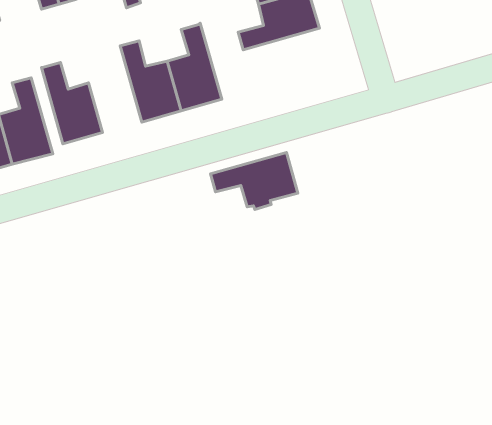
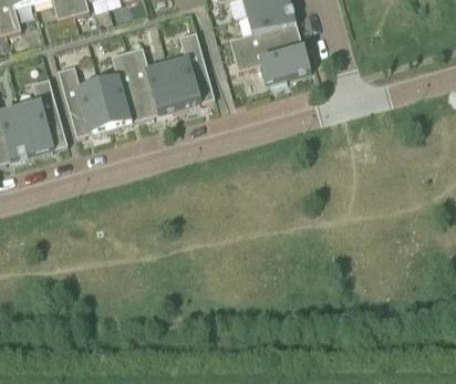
building: none -> [97,50,144,125]
building: [210,152,298,210] -> [232,34,309,84]

